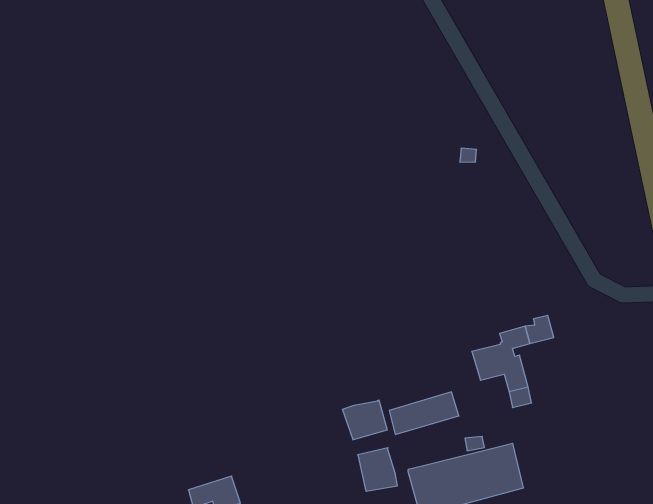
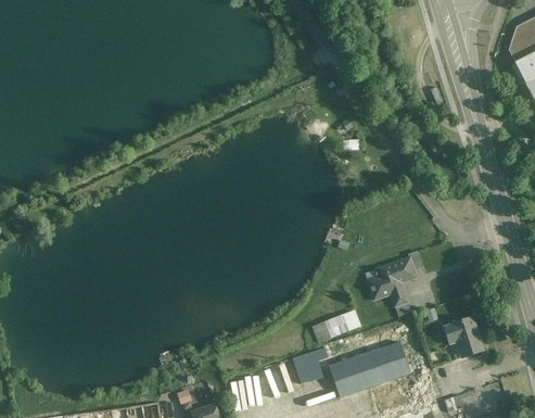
building: [343,400,387,440] -> none
building: none -> [444,318,483,357]

